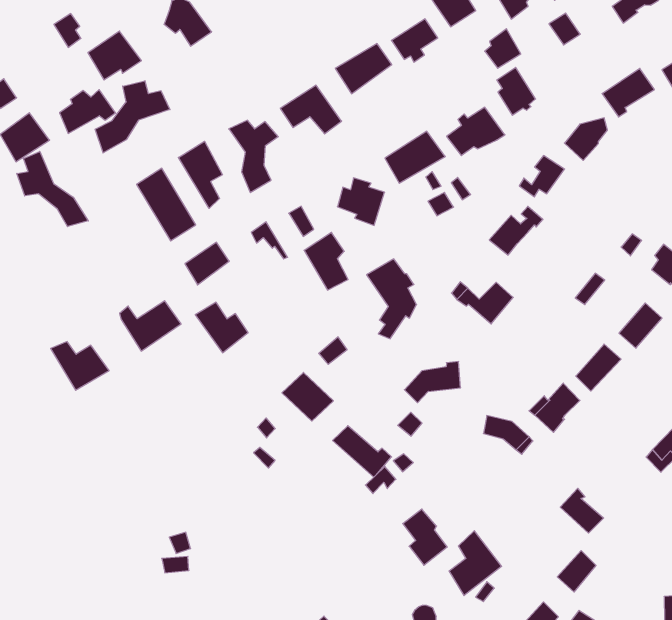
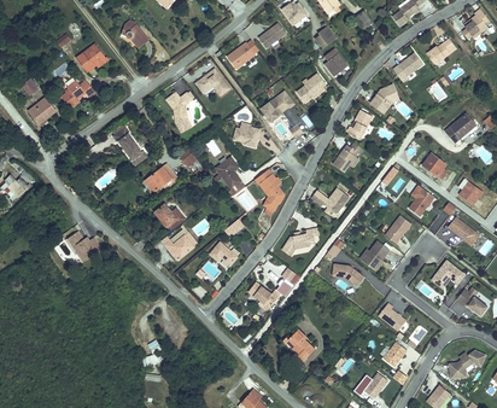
building: [95,81,170,153] -> none
building: [178,141,222,208] -> none
building: [17,151,88,227] -> none
building: [120,301,181,351] -> [163,233,200,264]
building: [449,531,502,596] -> none

